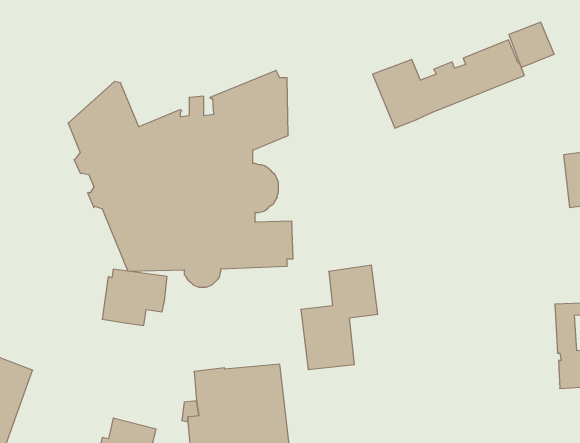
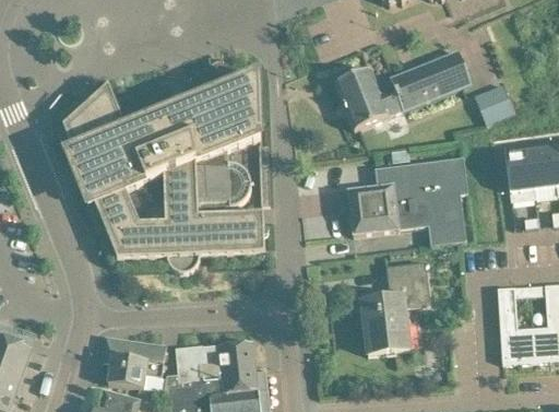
building: [509,22,554,67] -> [475,83,515,123]
building: none -> [347,156,467,242]
building: [301,265,378,369] -> [361,260,430,353]
building: [102,269,167,325] -> [108,338,166,388]

